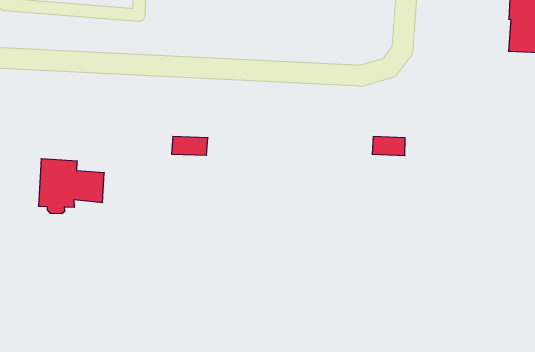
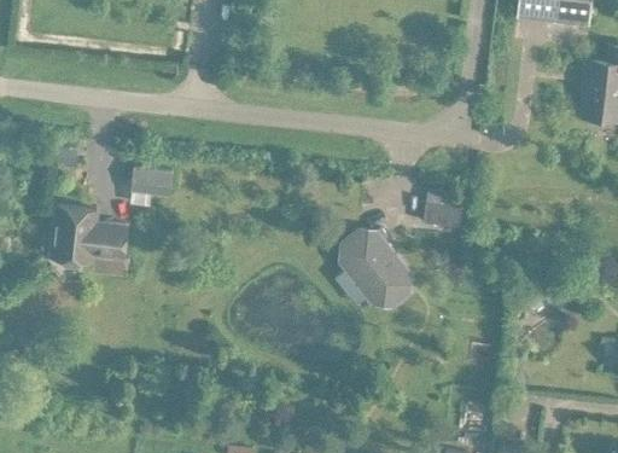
building: [172,136,208,155] -> [132,168,173,191]
building: none -> [343,233,409,304]

